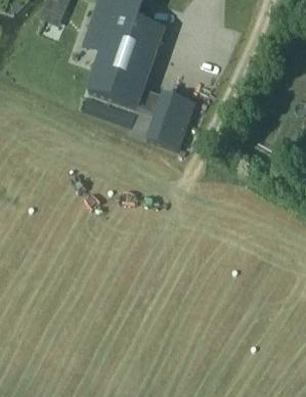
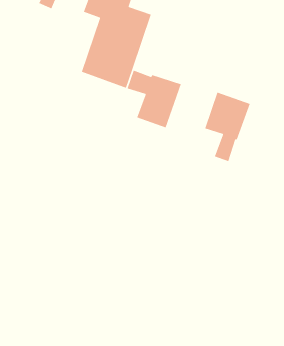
building: none -> [204,92,251,162]

